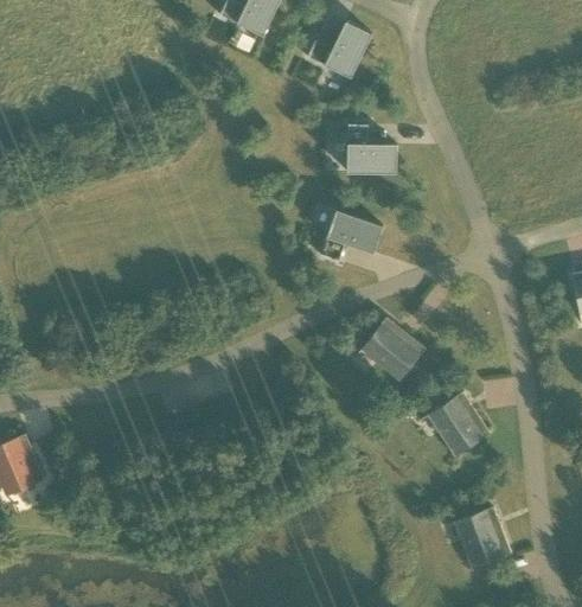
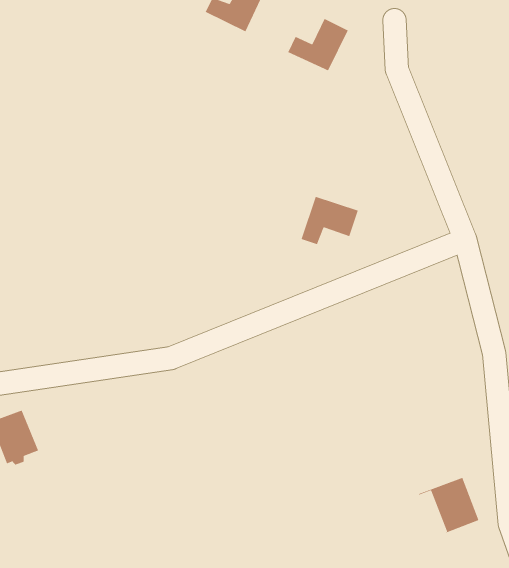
building: [346,124,396,173] -> none
building: [353,318,424,382] -> none
building: [418,392,490,456] -> none

